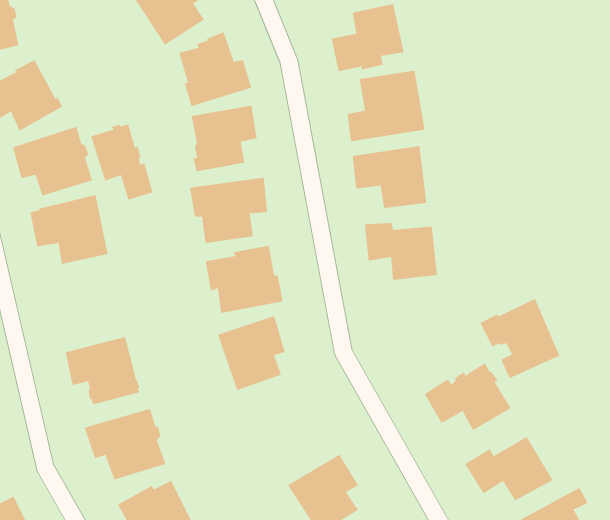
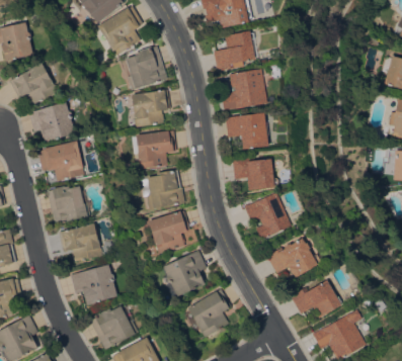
building: [91,123,153,201] -> none
building: none -> [47,185,88,224]
building: [480,298,560,379] -> [244,192,291,239]
building: none -> [163,250,207,296]

